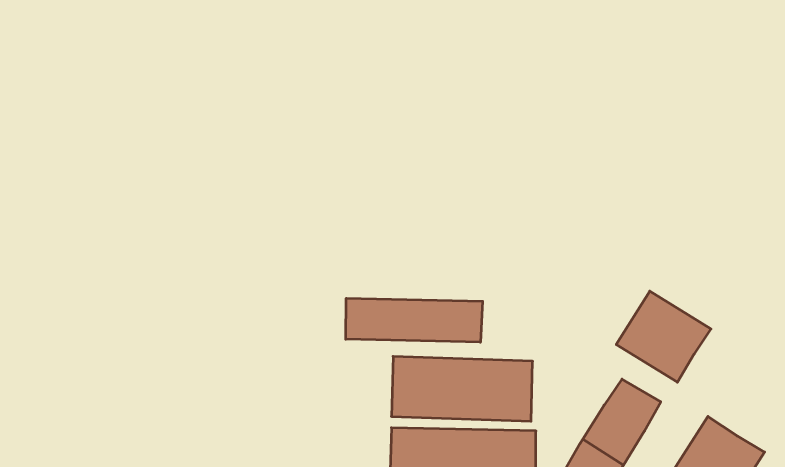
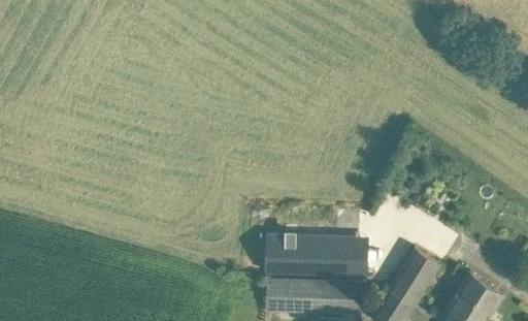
building: [616,291,711,382] -> none
building: [346,298,483,342] -> none

